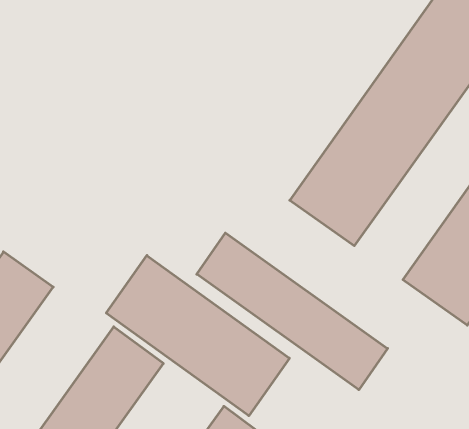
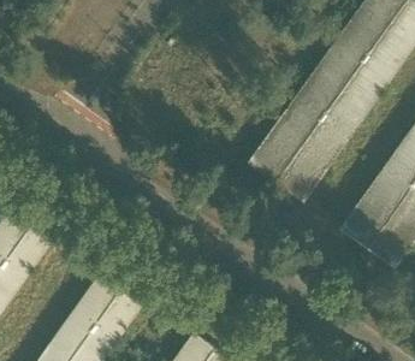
building: [197,233,388,390] -> none
building: [106,255,289,416] -> none

